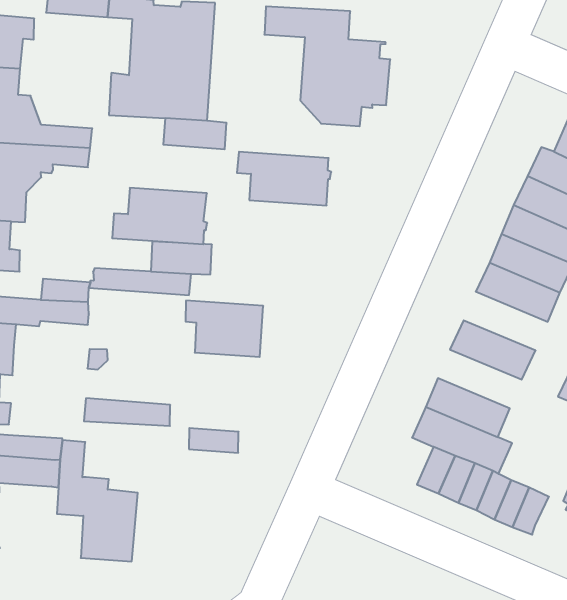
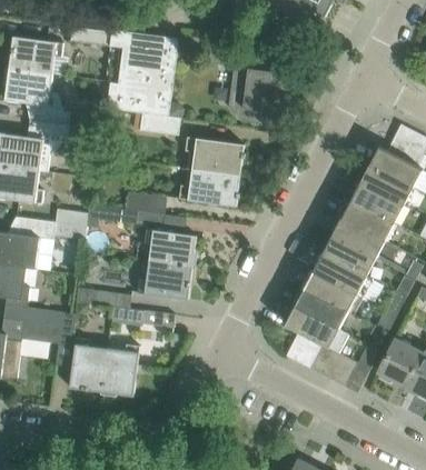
building: [112,188,207,244] -> [178,168,240,207]
building: none -> [323,236,376,276]
building: none -> [304,271,357,311]
building: none -> [139,262,191,299]
building: none -> [101,343,140,396]

